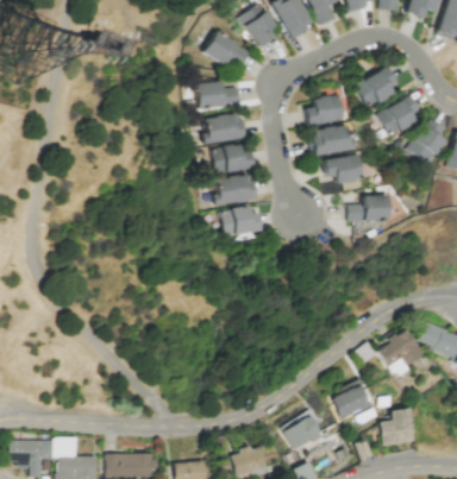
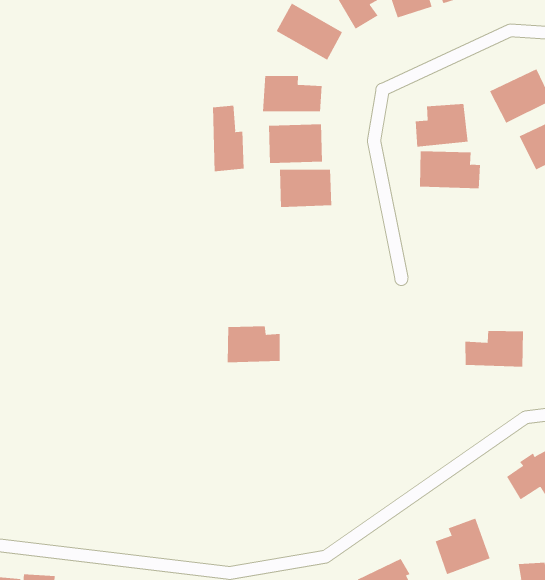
building: none -> [212,105,244,172]
building: [323,156,362,183] -> none
building: [215,176,252,203] -> none
building: [348,195,389,221] -> [465,330,524,367]
building: [223,208,261,235] -> [227,326,280,363]

